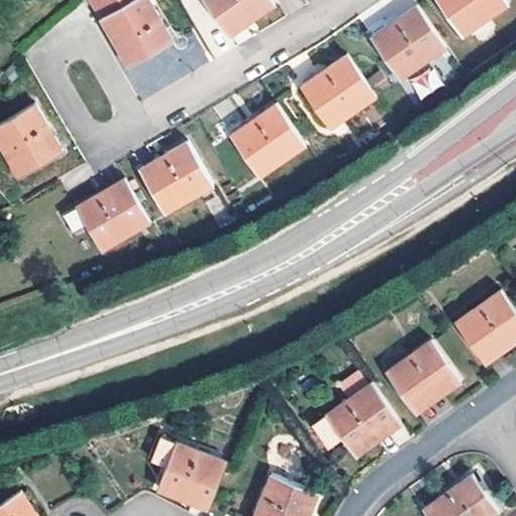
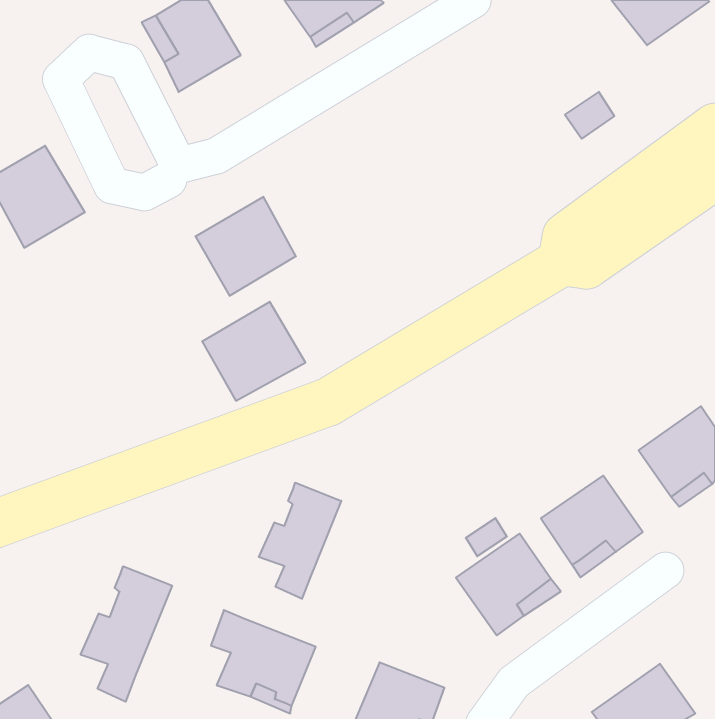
building: [370,7,444,81] -> none
building: [300,57,375,129] -> none
building: [230,105,305,179] -> none
building: [76,178,149,249] -> [202,302,305,401]
building: none -> [259,483,341,599]
building: none -> [81,566,172,702]

